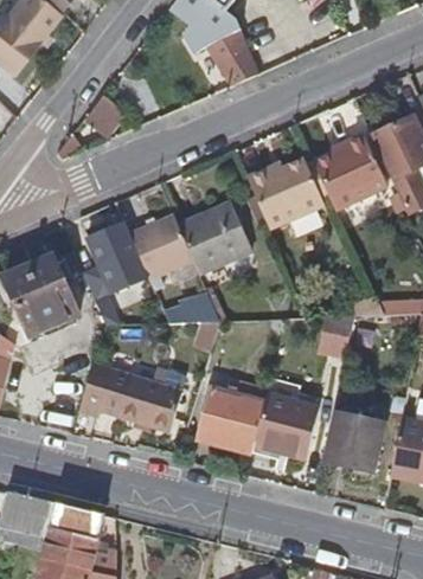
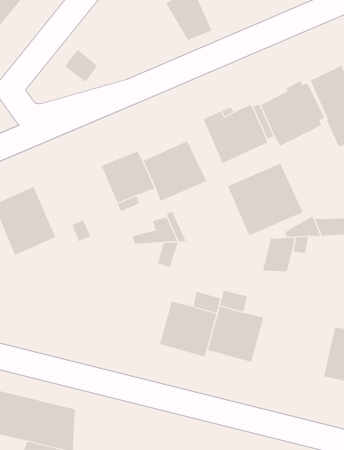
building: [91,223,136,290] -> none
building: none -> [227,163,303,236]
building: [81,365,187,432] -> none
building: [326,414,384,471] -> none

